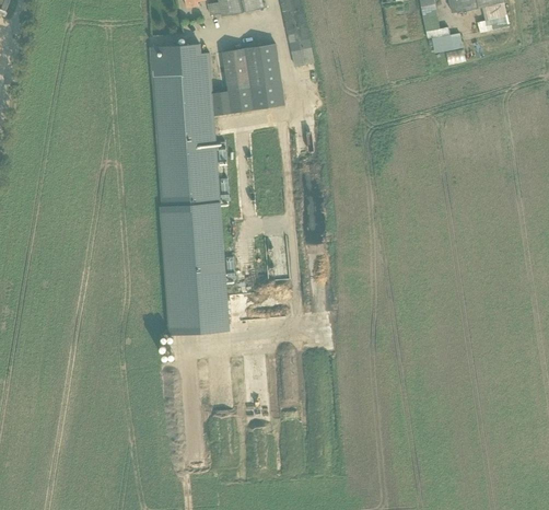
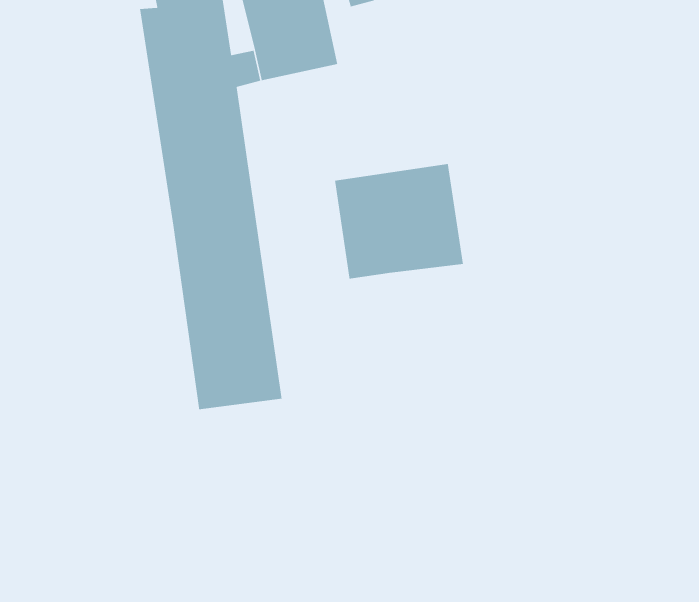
building: none -> [334,163,464,279]

